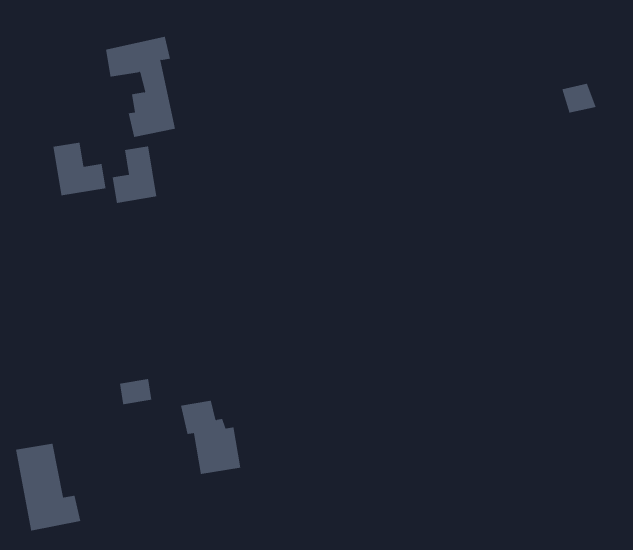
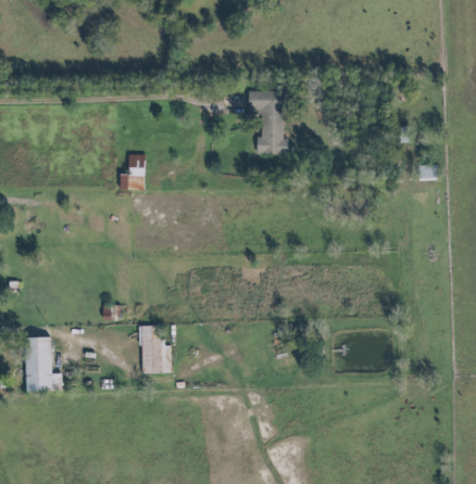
building: [105,36,176,138] -> [247,89,288,151]
building: [53,142,106,196] -> none

